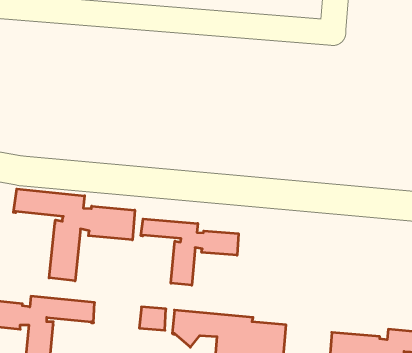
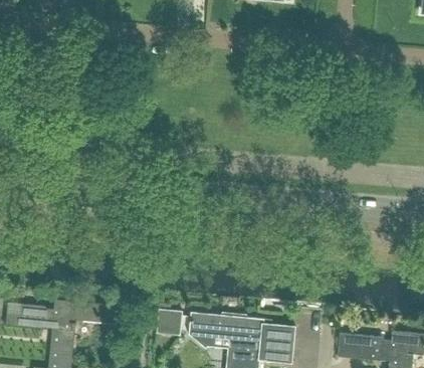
building: [13,189,135,281] -> none
building: [141,219,238,285] -> none

